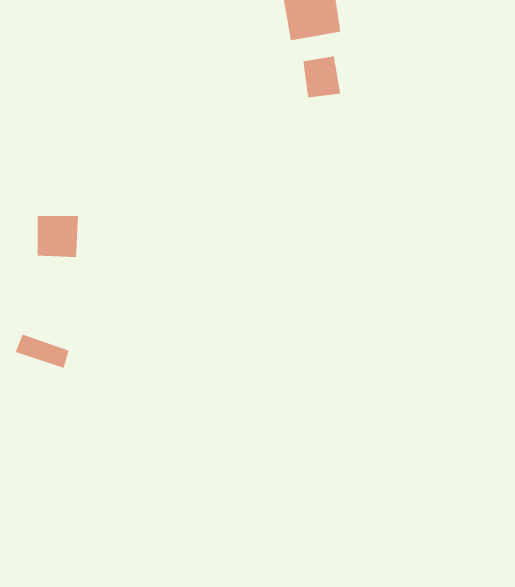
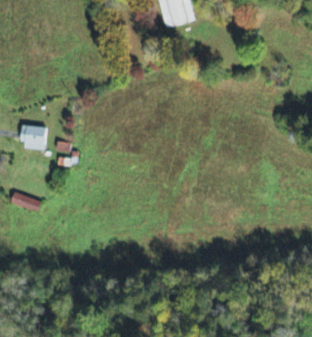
building: [303,56,341,98] -> none

